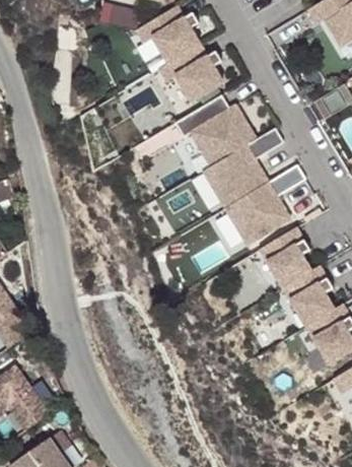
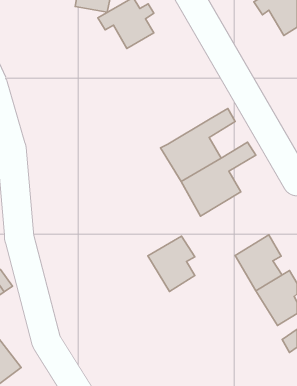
building: [154,47,217,105] -> none
building: [173,95,255,168] -> none
building: [259,228,309,288] -> [148,236,195,291]

